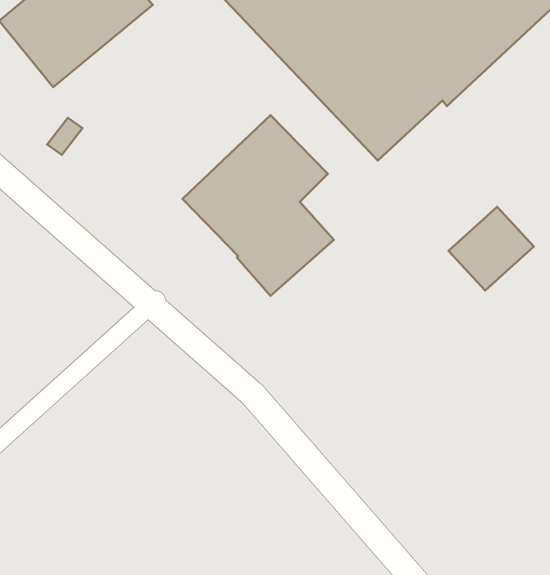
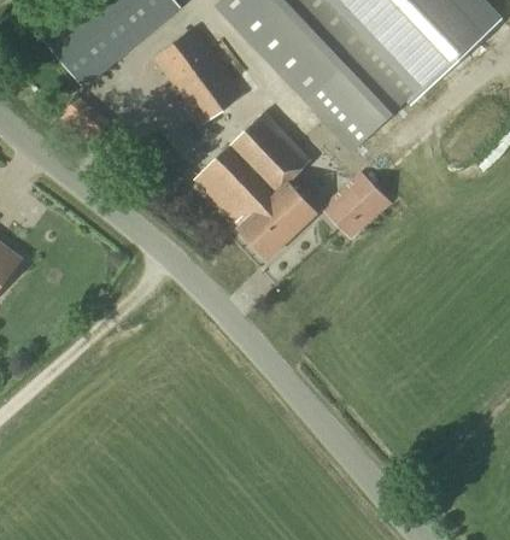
building: none -> [152,27,244,125]
building: [449,207,534,290] -> [320,171,389,240]

